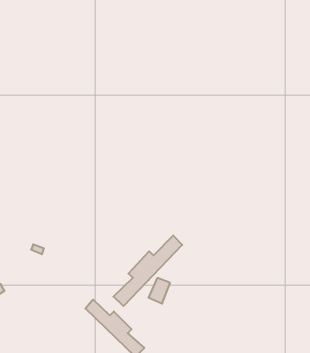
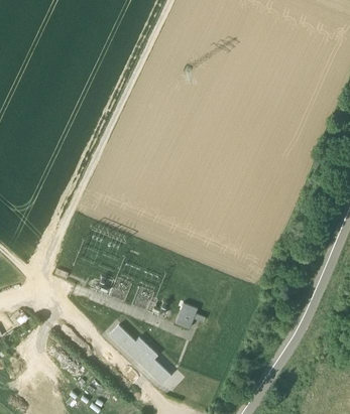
building: [113,235,182,306] -> none

